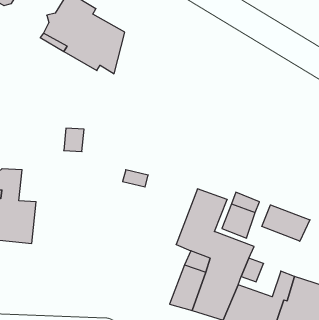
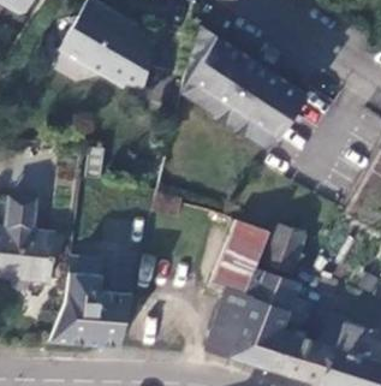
building: none -> [181,25,306,144]
building: [262,205,310,241] -> none
building: none -> [50,256,132,348]

